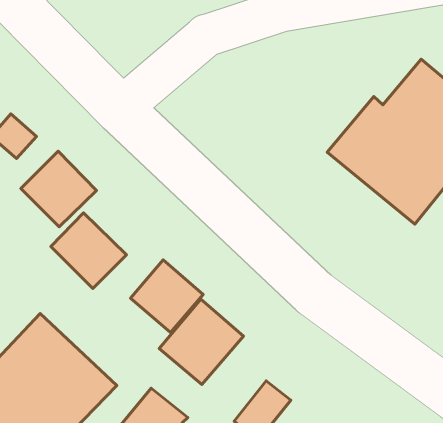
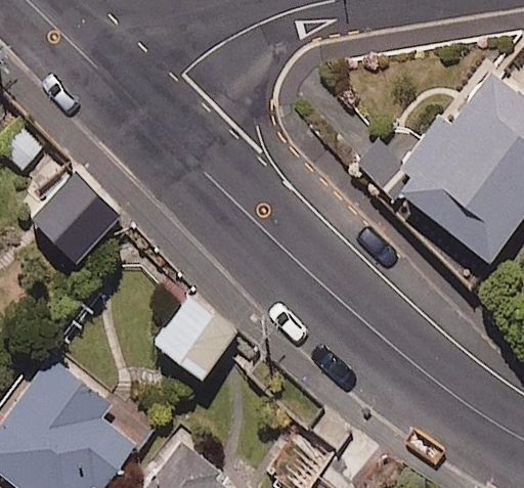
building: [51,213,127,289] -> none
building: [159,299,244,384] -> none

